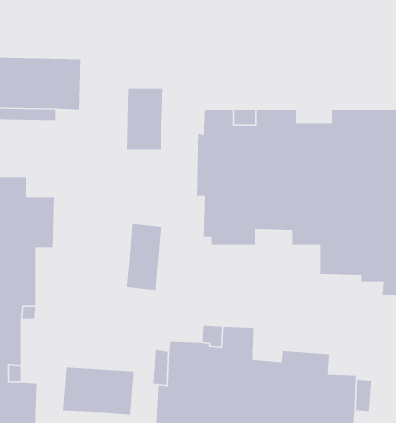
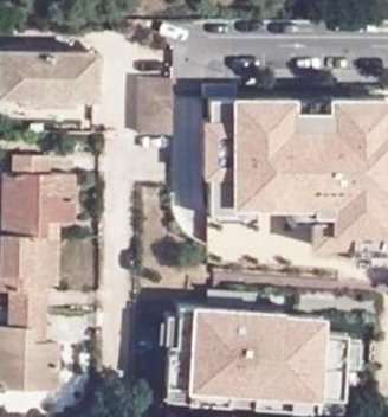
building: [126,223,162,291] -> none
building: [62,367,135,416] -> none

